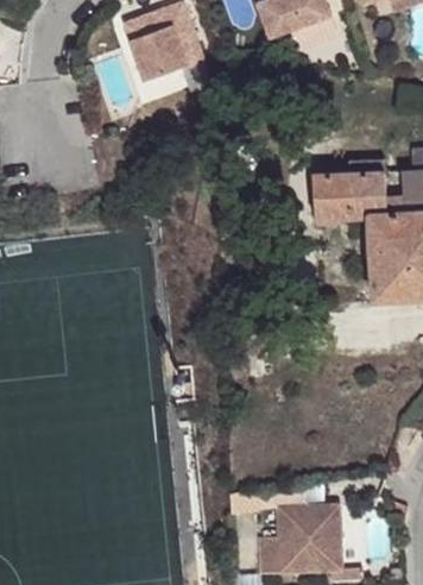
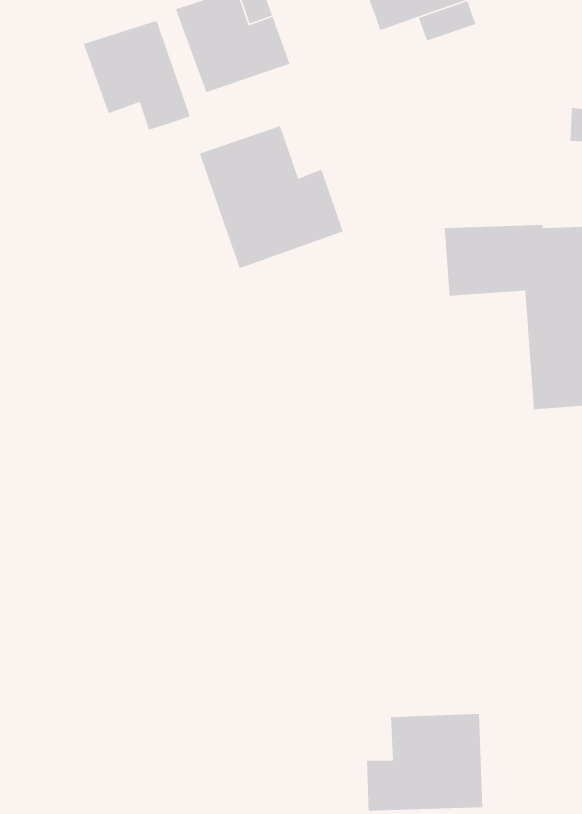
building: none -> [83,20,191,131]
building: none -> [199,125,344,269]

